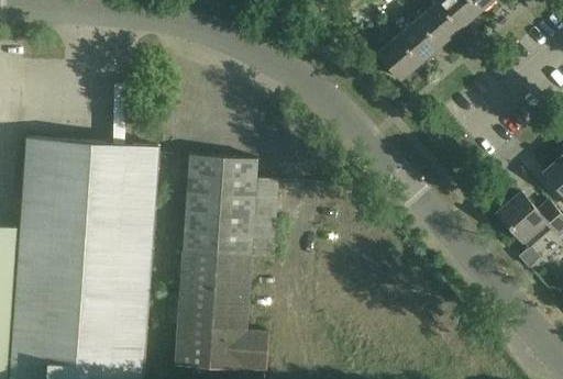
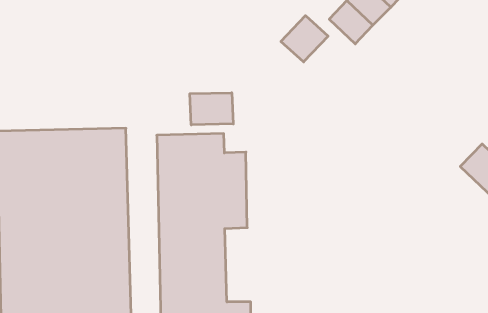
building: none -> [281,16,328,62]
building: none -> [190,93,233,125]

